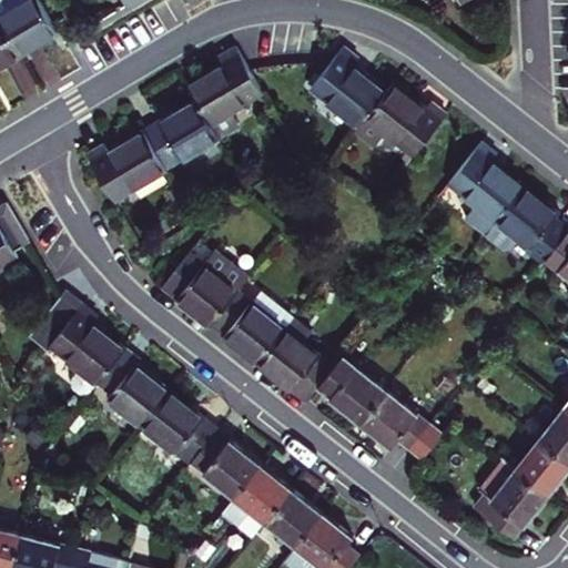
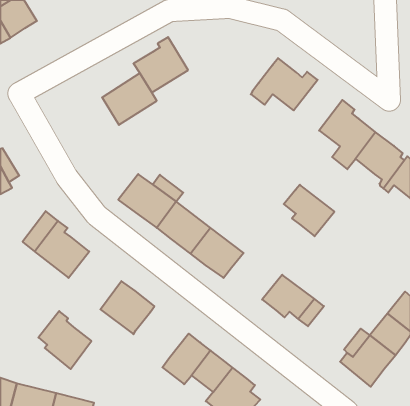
building: [303,54,377,133] -> none
building: [84,142,165,212] -> none
building: [321,349,390,420] -> [284,185,334,236]
building: [95,354,169,434] -> [38,311,91,369]
building: [189,437,262,500] -> none

